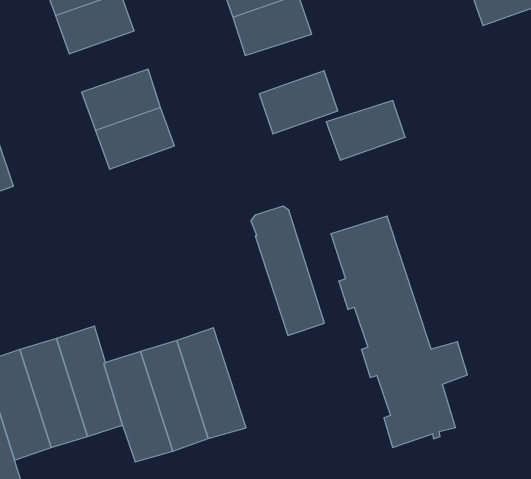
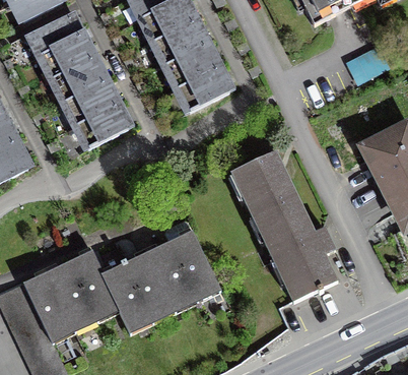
building: none -> [53,57,105,101]
building: [326,101,405,160] -> [165,44,217,86]
building: [251,206,324,336] -> [164,218,220,301]

